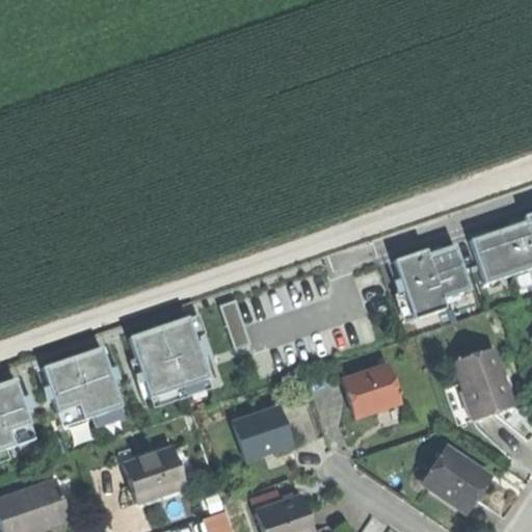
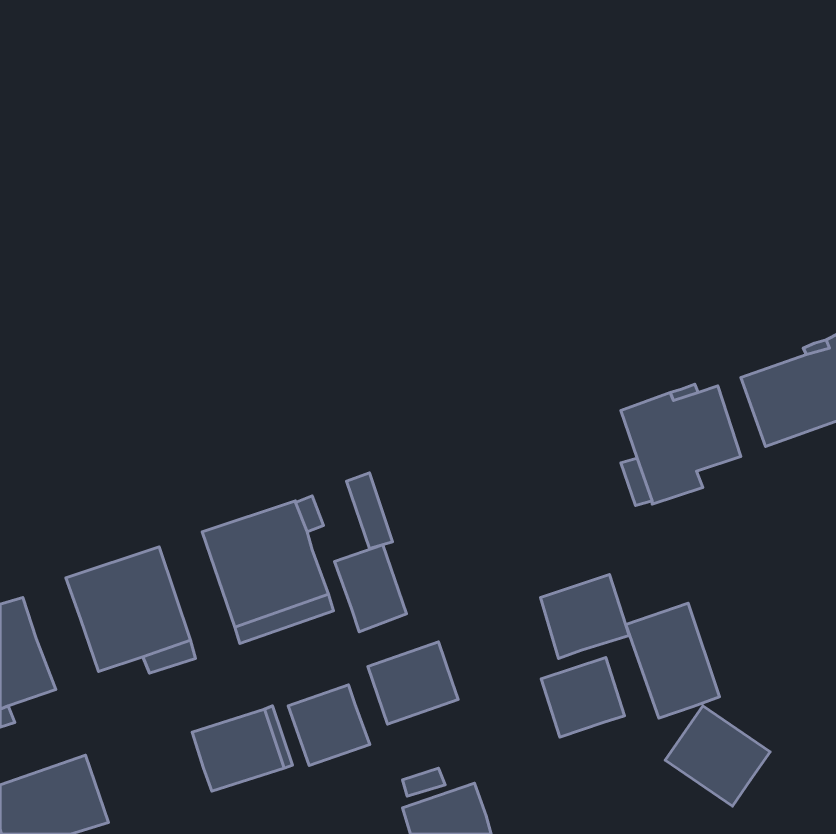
building: none -> [335,545,407,632]
building: [454,347,513,420] -> [626,603,719,718]
building: none -> [541,658,625,737]
building: none -> [288,685,370,766]

